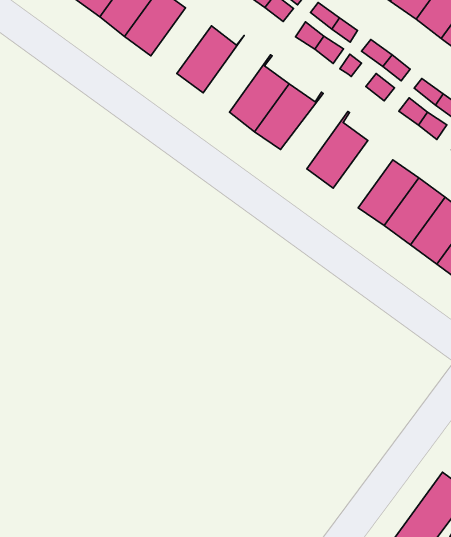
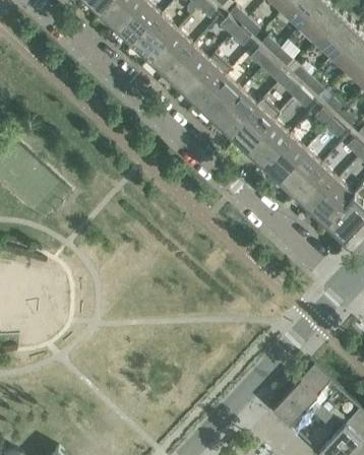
building: none -> [149,31,193,75]
building: none -> [182,55,231,106]
building: none -> [230,101,279,150]
building: none -> [262,136,305,181]

